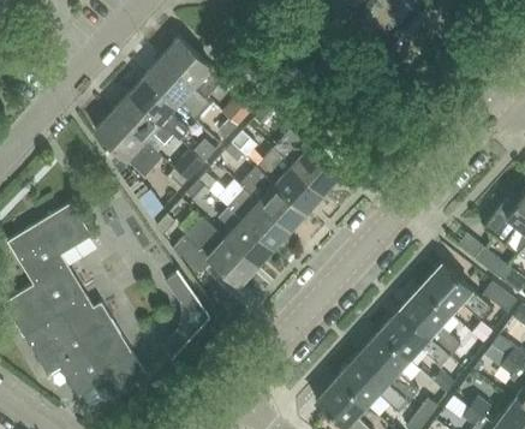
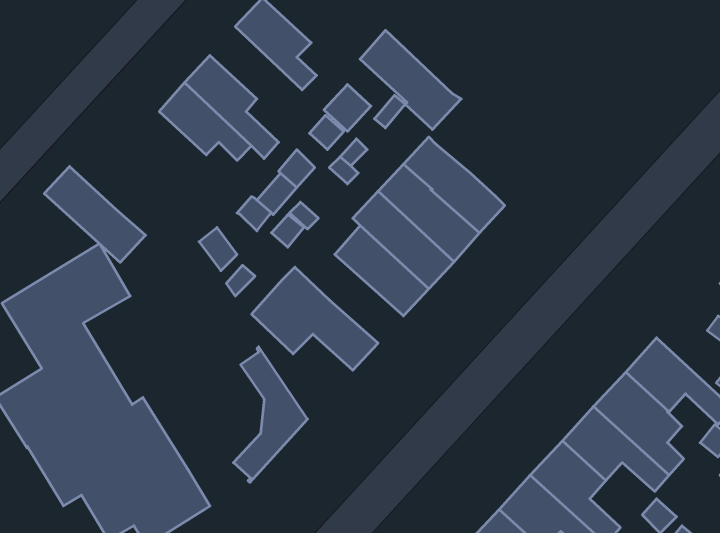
building: [145,56,213,123] -> [360,30,461,130]
building: [95,113,162,177] -> [44,166,146,262]
building: [220,208,274,267] -> none

